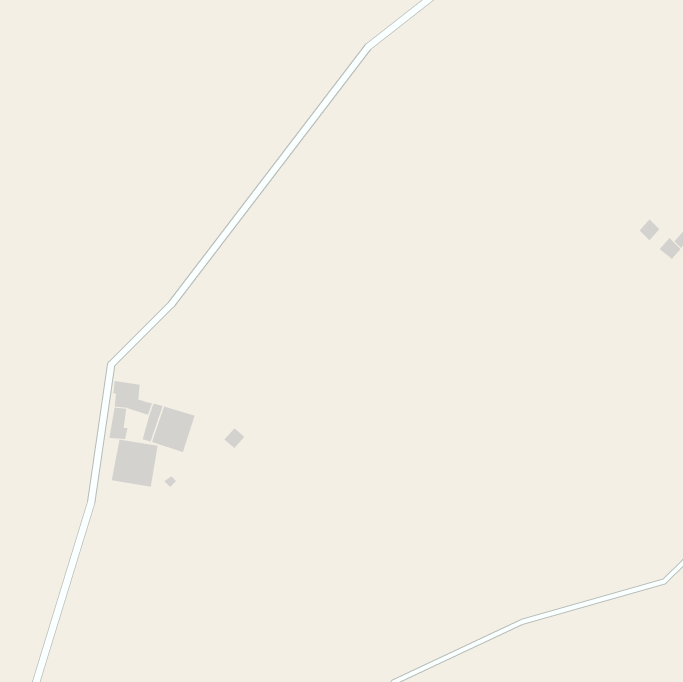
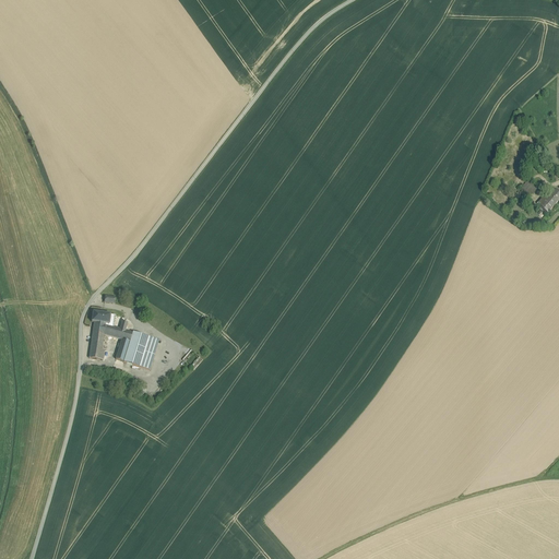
building: [111,439,158,488] -> none

